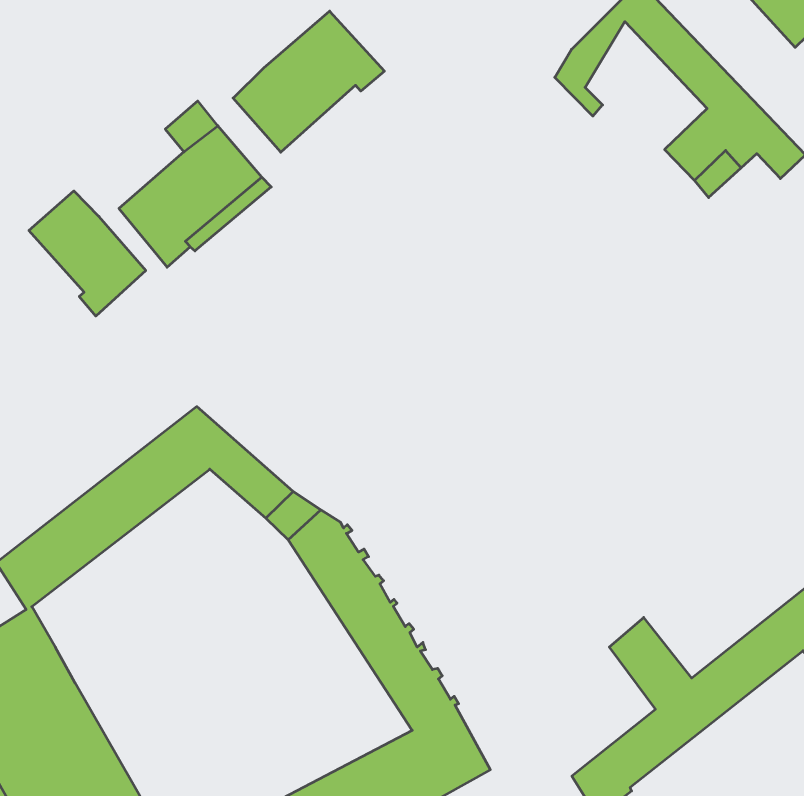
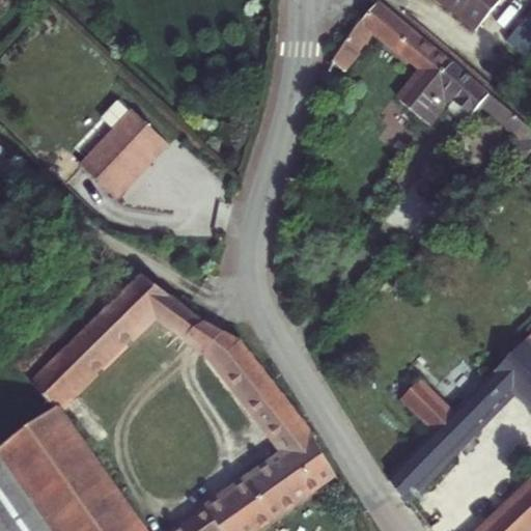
building: [233,11,384,152] -> none
building: [29,191,146,316] -> none

